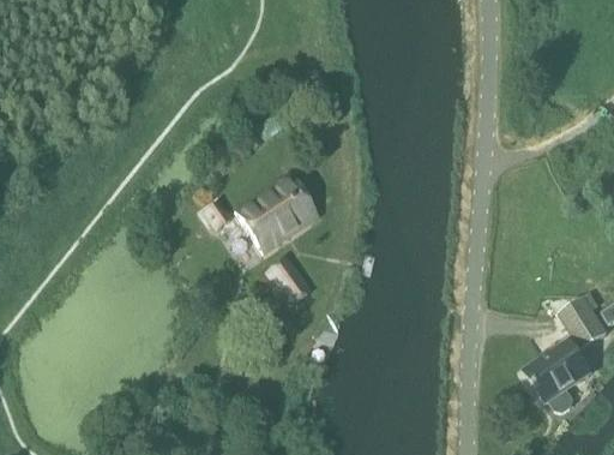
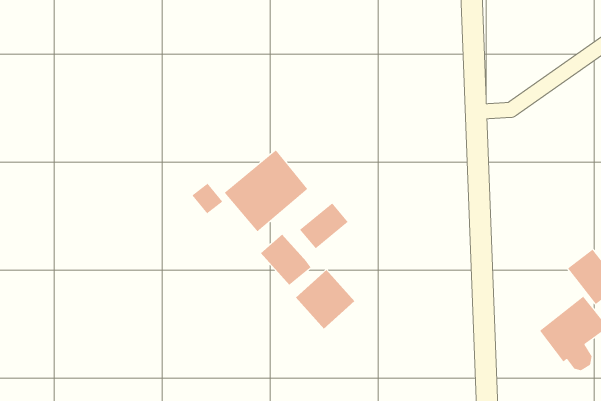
building: none -> [299,202,349,249]
building: none -> [295,269,355,329]

